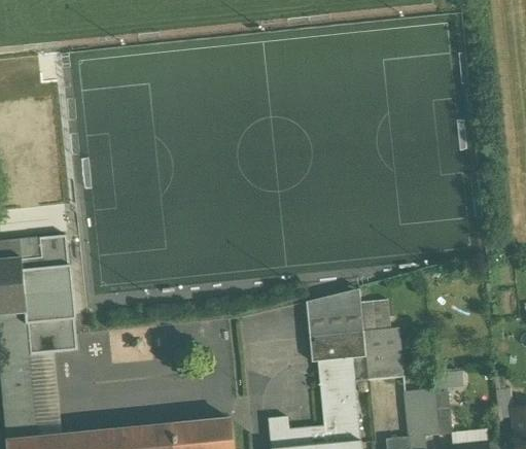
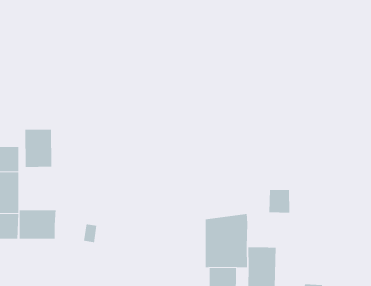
building: none -> [25,129,52,168]
building: [360,299,389,330] -> [269,189,290,213]
building: none -> [19,209,56,240]

